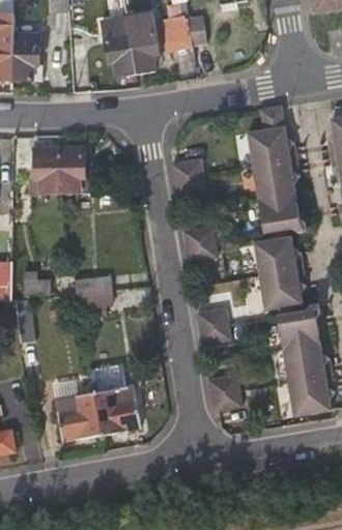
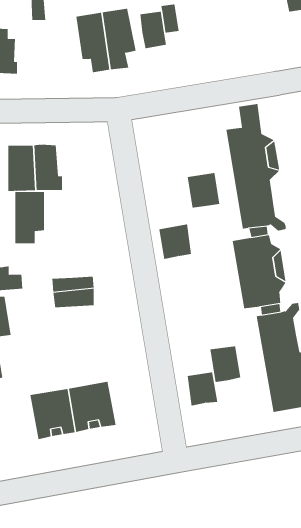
building: [171,157,204,193] -> [187,173,220,208]
building: none -> [15,191,45,244]
building: [199,307,230,344] -> [210,346,241,383]

